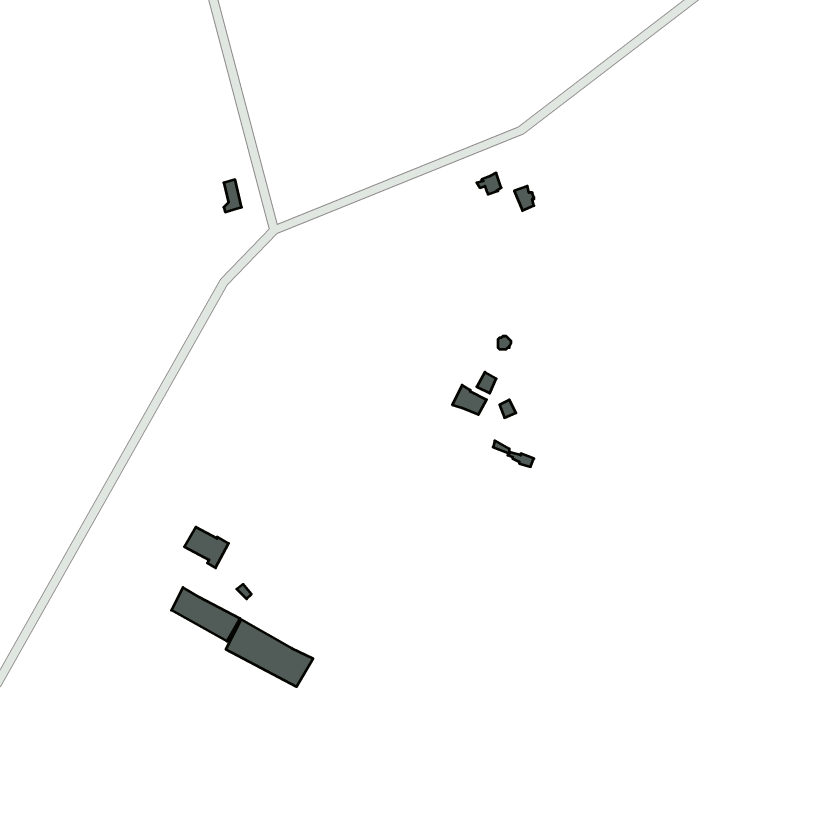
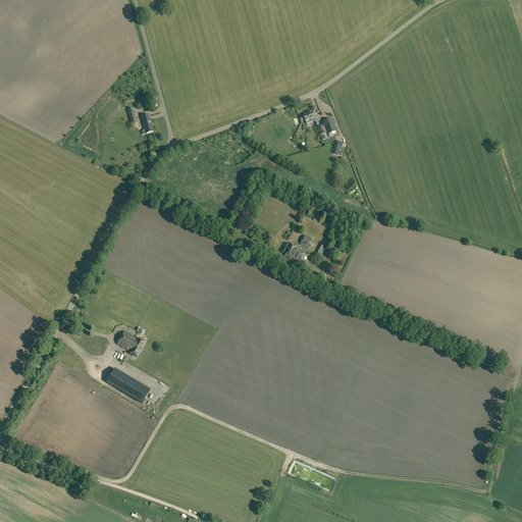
building: [226,620,313,687] -> none

